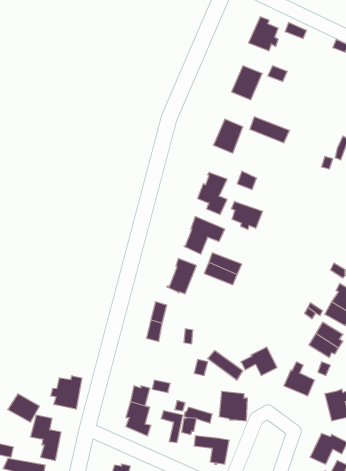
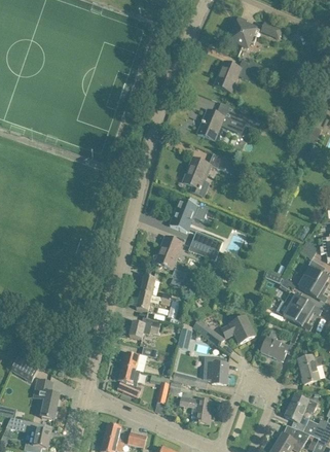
building: [232,201,262,230] -> none
building: none -> [130,316,160,339]
building: [51,376,82,409] -> none

